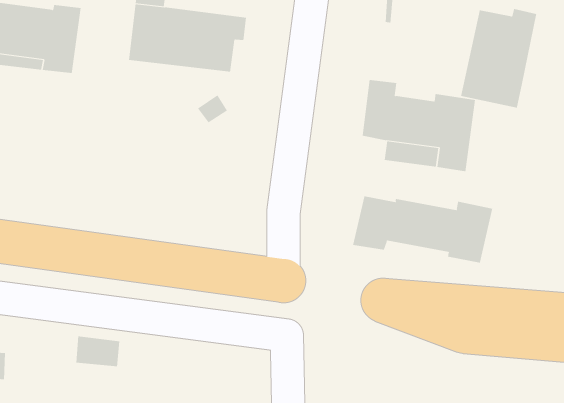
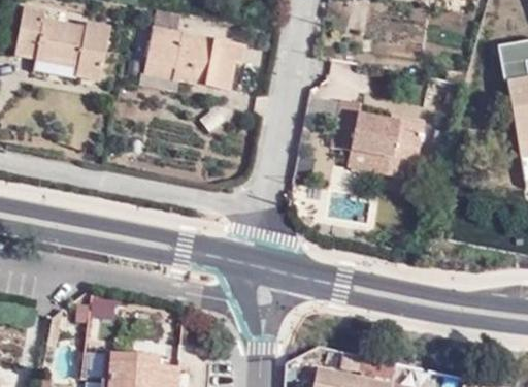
building: [460,8,537,109] -> none
building: [353,196,493,264] -> none

